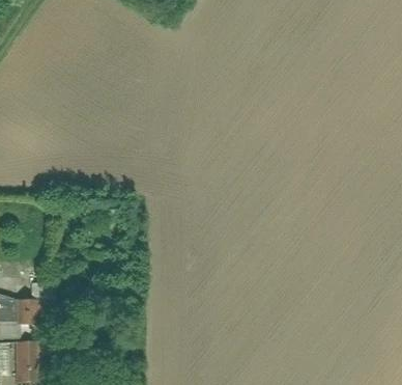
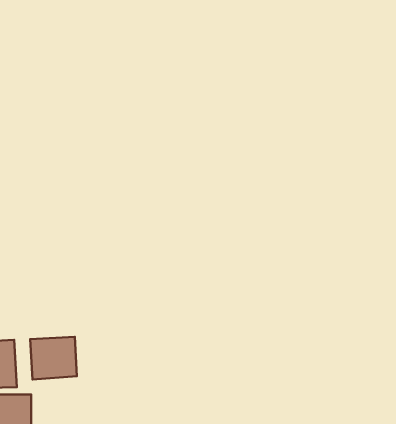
building: none -> [30,337,77,379]

